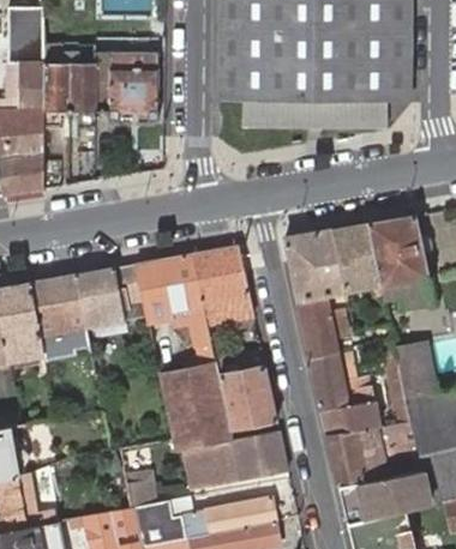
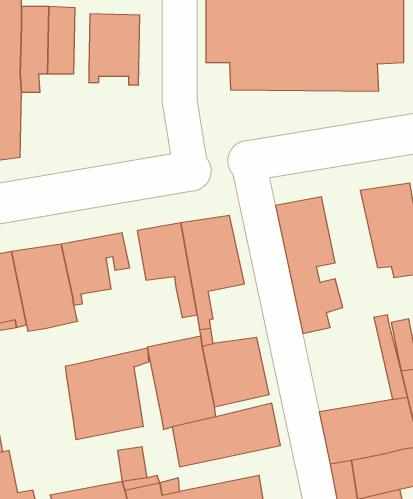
building: [330,223,386,313] -> none
building: [138,261,190,322] -> none
building: [312,352,378,436] -> none
building: none -> [65,348,149,440]

